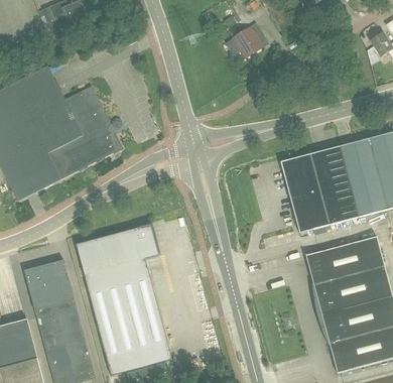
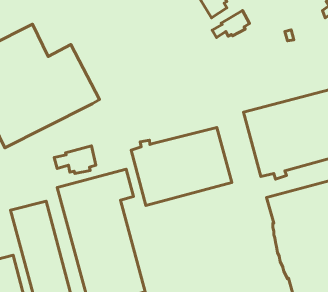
building: none -> [212,11,249,37]
building: none -> [131,127,232,205]
building: none -> [54,146,96,173]

